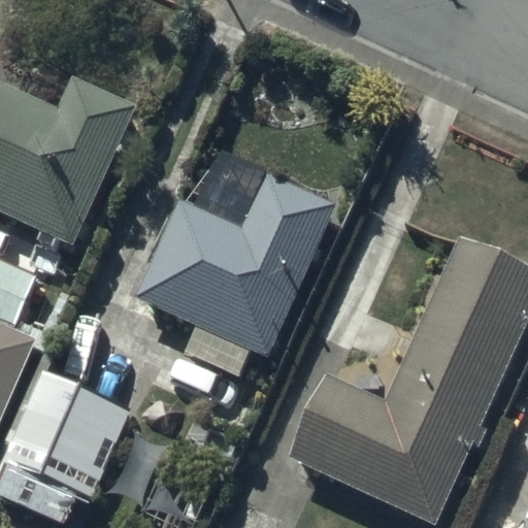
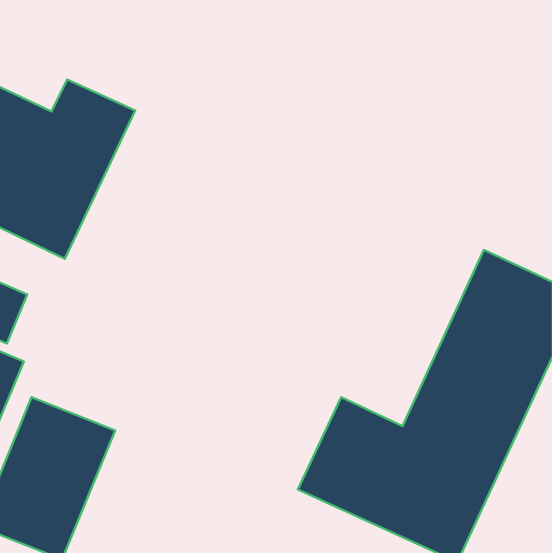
building: [134,170,339,358] -> none

